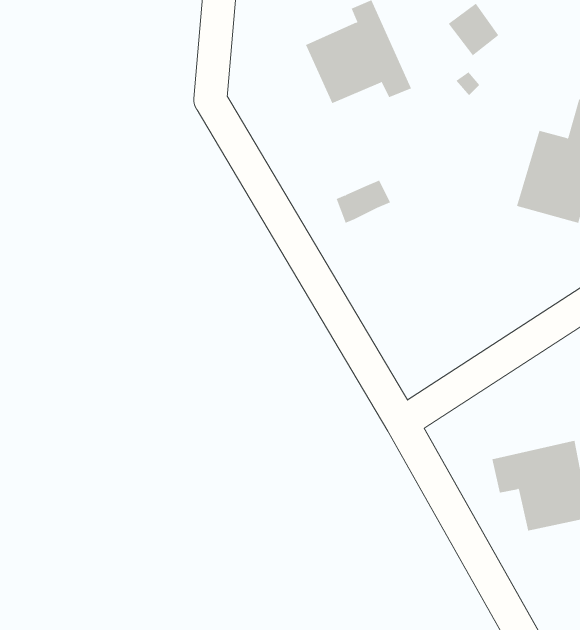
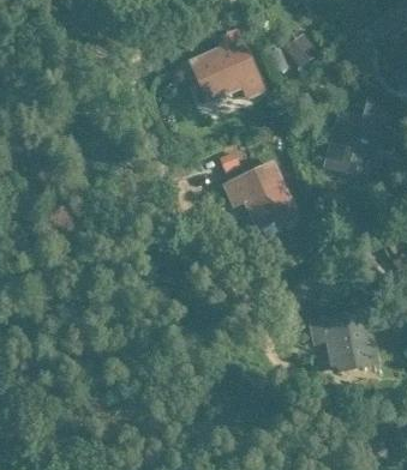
building: none -> [226,164,291,224]

